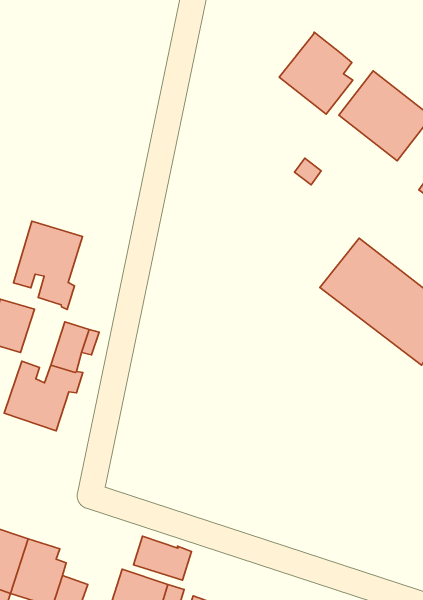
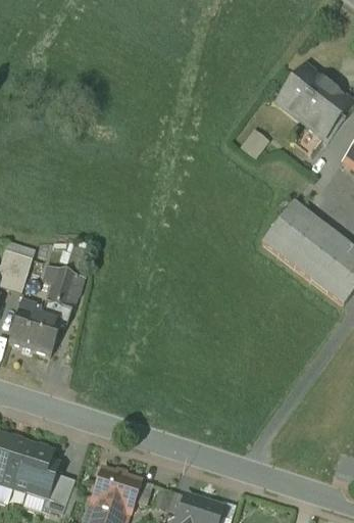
building: [279,32,353,114] -> none
building: [13,221,82,310] -> none
building: [133,536,191,580] -> none

